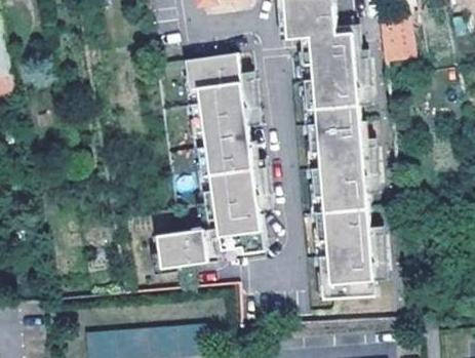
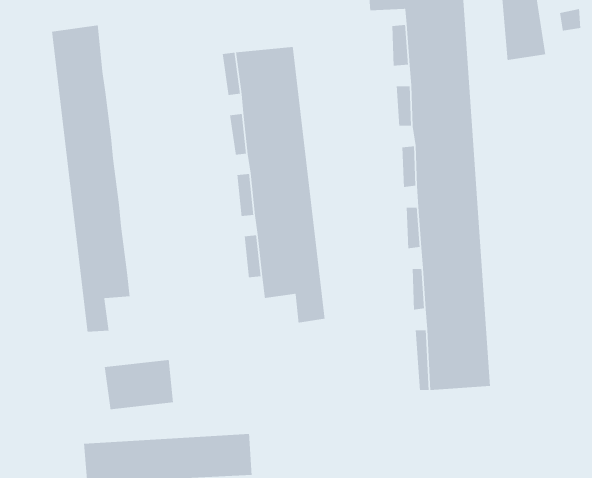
building: none -> [51,25,130,333]
building: [155,224,204,260] -> [104,359,174,410]

